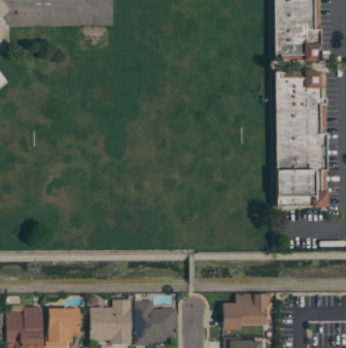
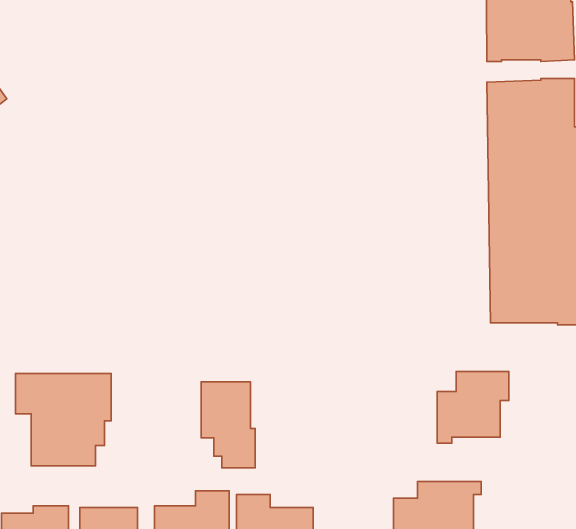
building: none -> [437,372,509,443]
building: none -> [15,373,111,466]
building: none -> [201,382,255,468]

